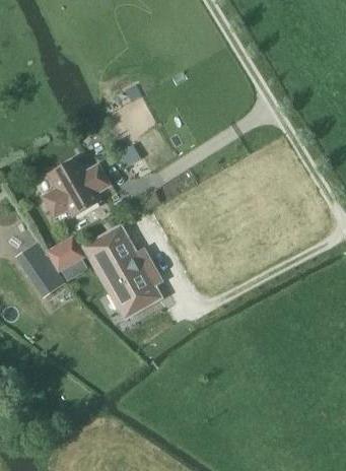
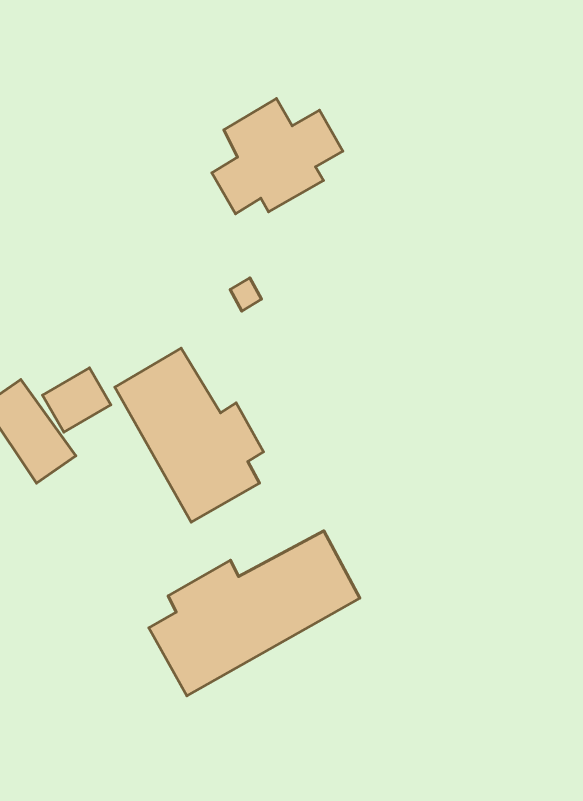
building: [42,156,110,216] -> [212,98,343,214]
building: none -> [149,531,360,696]

